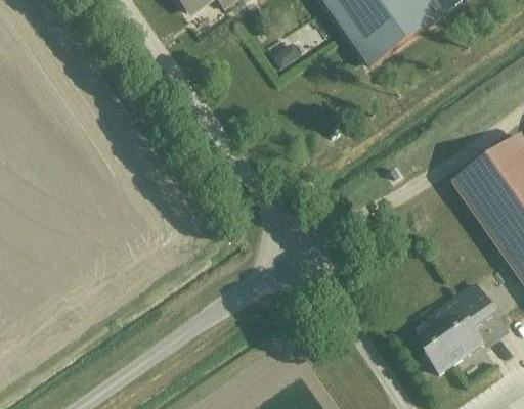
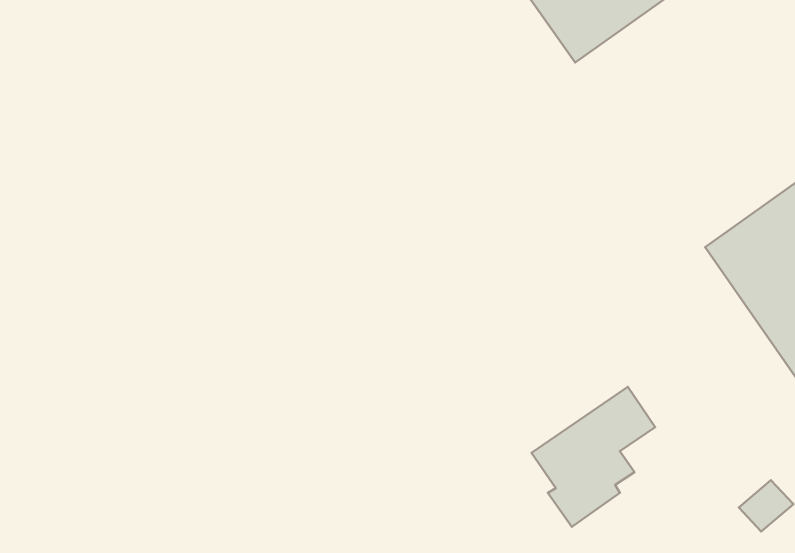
building: [413,282,492,371] -> [532,387,655,527]

